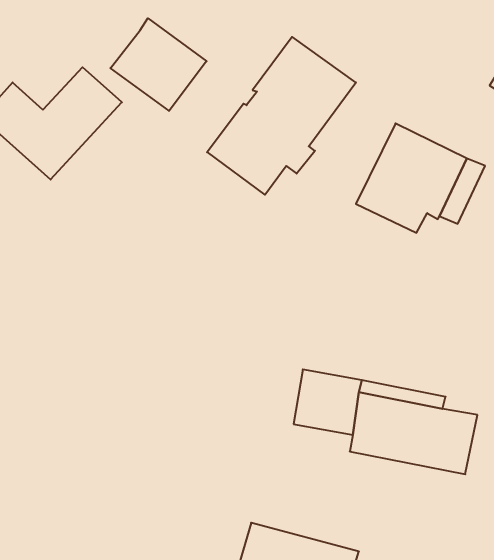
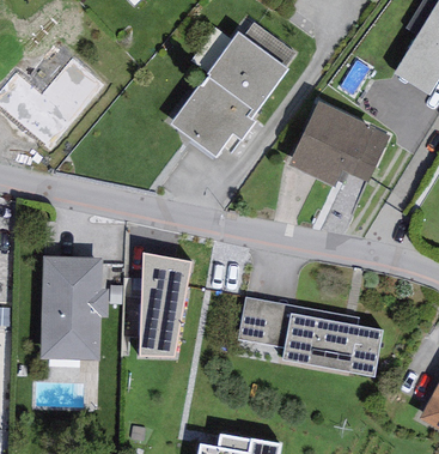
building: [110,18,207,111] -> none
building: none -> [140,253,191,357]
building: none -> [39,255,108,359]

